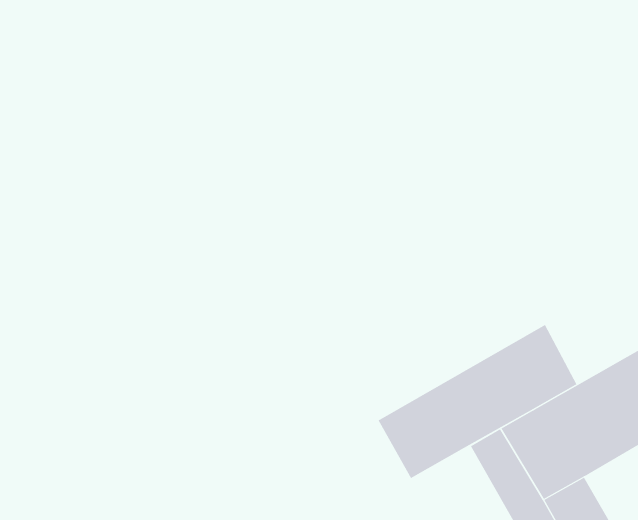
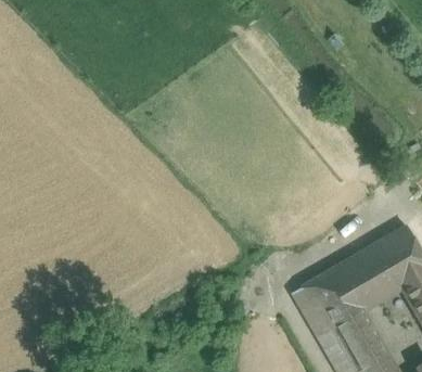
building: [378,324,577,479] -> none

